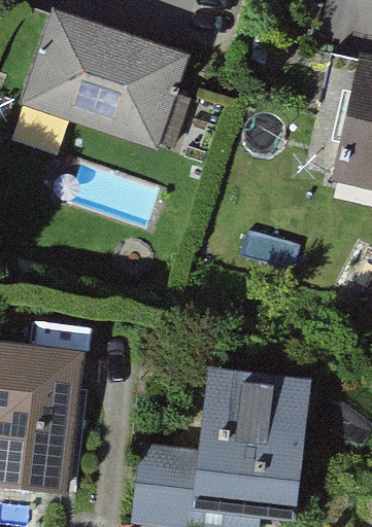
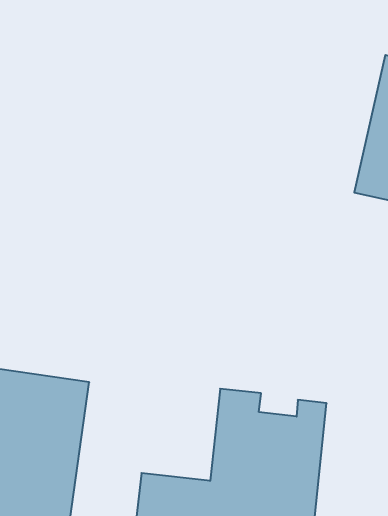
building: [23,14,189,151] -> none

